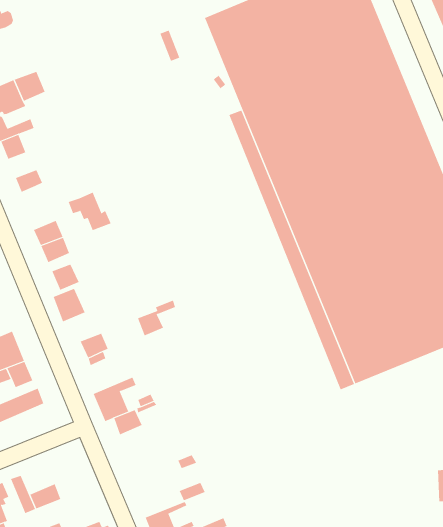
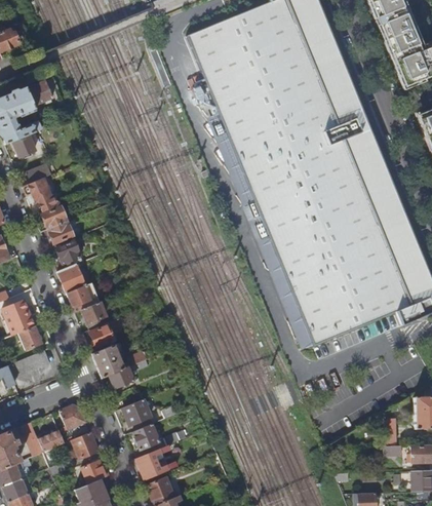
building: [68,192,111,231] -> [22,179,58,211]
building: [137,300,176,336] -> [90,317,123,348]
building: none -> [66,283,99,314]
building: none -> [122,399,151,426]
building: none -> [60,405,86,431]
building: none -> [132,423,161,451]
building: none -> [71,432,99,459]

